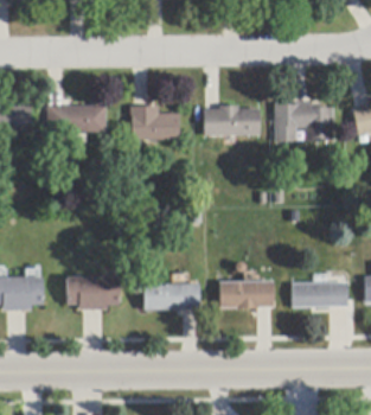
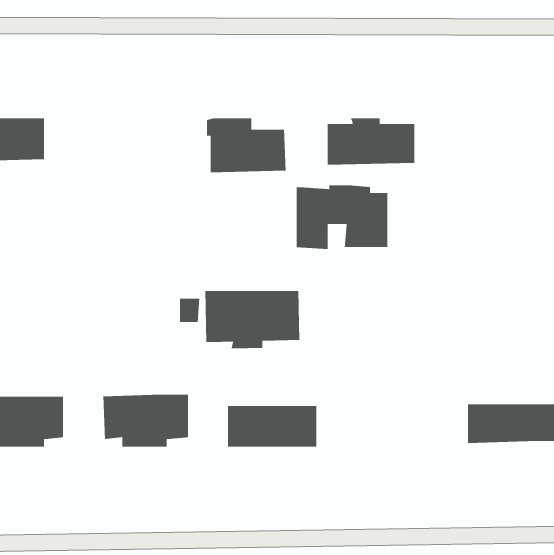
building: [275,102,332,142] -> [296,185,388,250]
building: [47,106,105,132] -> none
building: none -> [205,290,300,349]
building: [220,281,275,308] -> none

